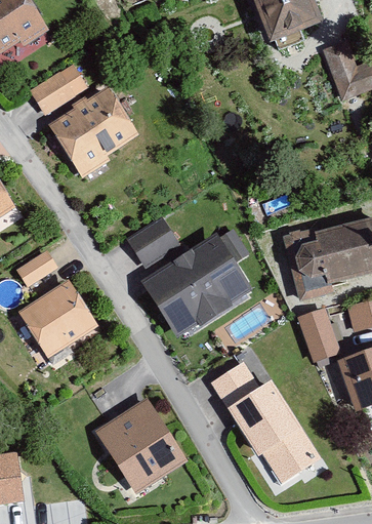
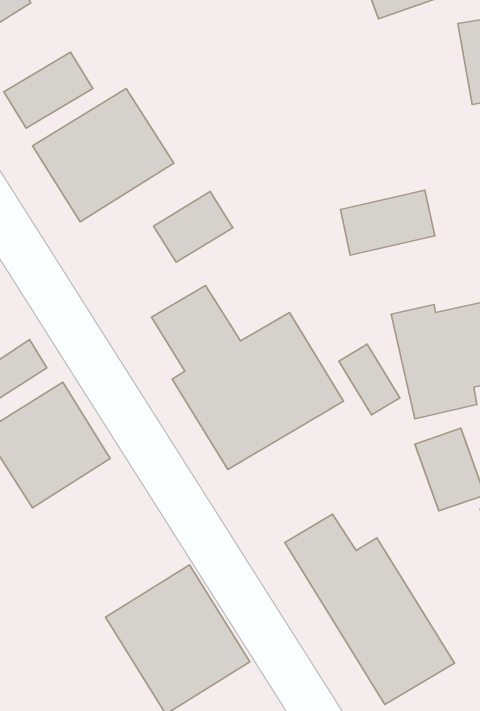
building: none -> [340,190,435,255]
building: none -> [154,192,233,262]
building: none -> [339,344,400,415]

